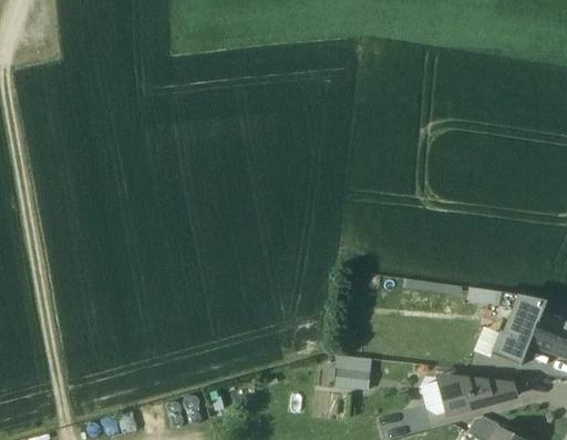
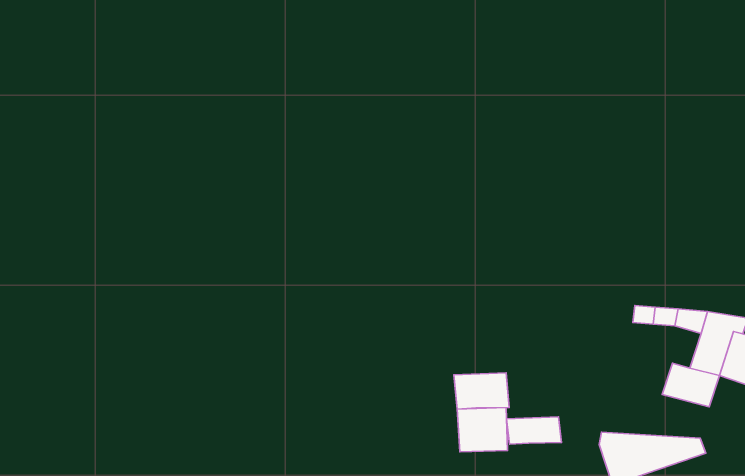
building: none -> [454,373,509,409]
building: none -> [506,417,561,444]

